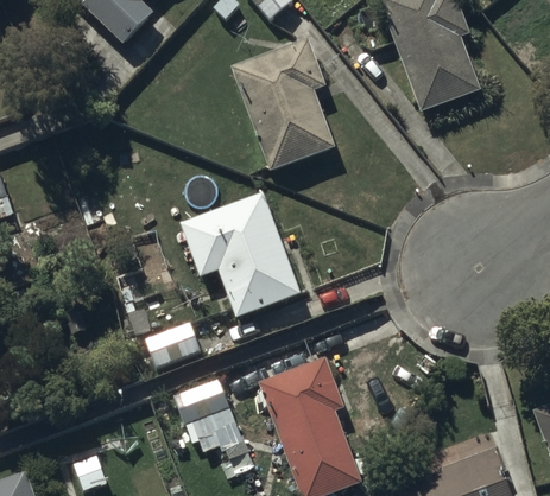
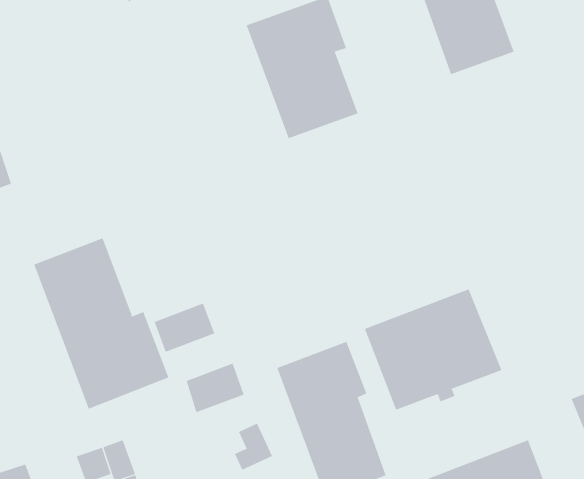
building: [179,191,302,318] -> none
building: none -> [33,237,169,409]
building: none -> [364,288,502,411]

